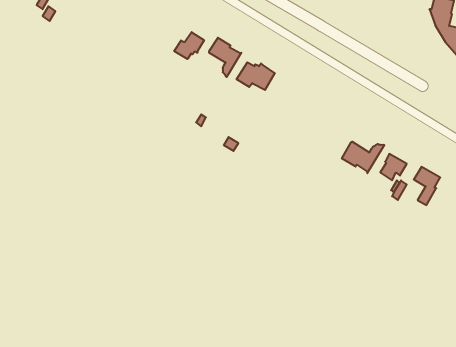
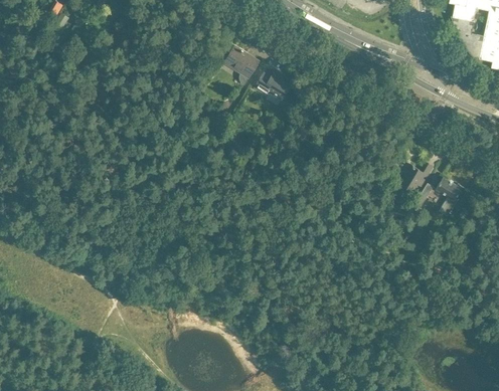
building: [174,32,204,59] -> none
building: [342,142,384,173] -> none

